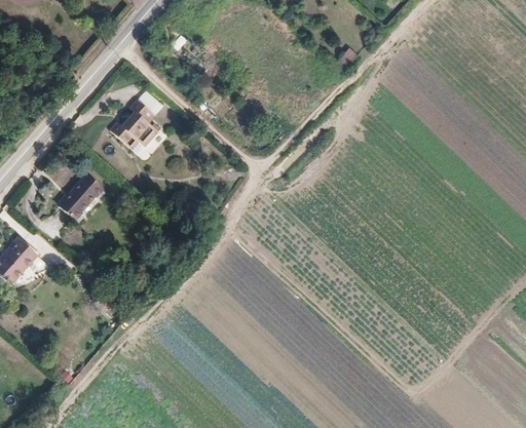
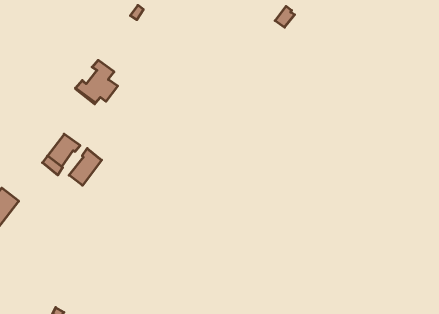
building: none -> [69,148,102,185]

